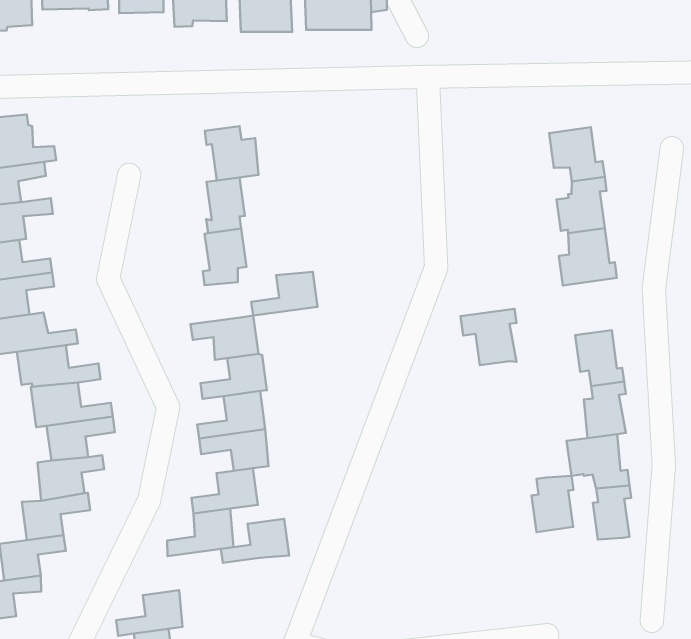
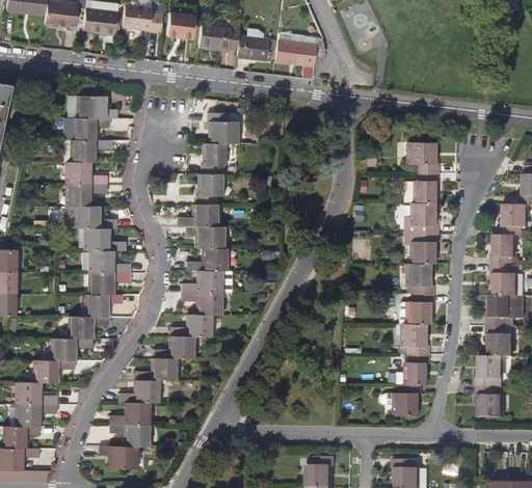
building: [251,272,318,316] -> [177,202,215,224]
building: [461,309,517,365] -> [405,232,437,263]
building: [532,476,573,532] -> [395,383,420,414]
building: [221,519,289,563] -> [134,358,174,380]

